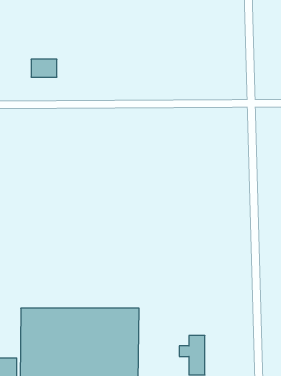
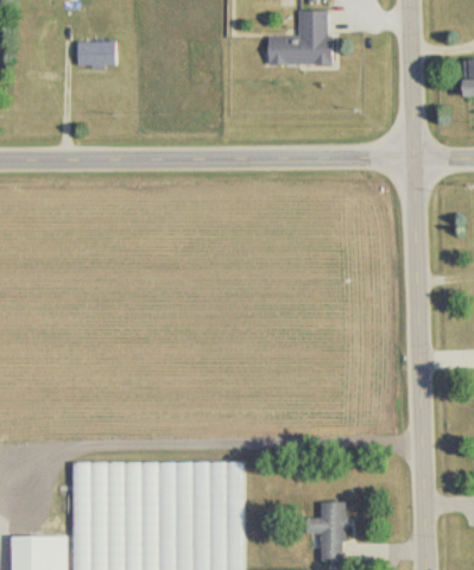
building: none -> [267,12,331,66]
building: [31,59,57,77] -> [77,43,115,69]

